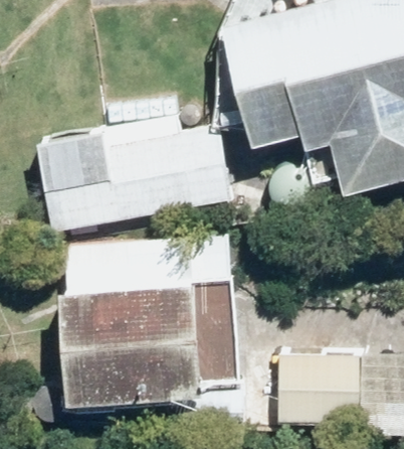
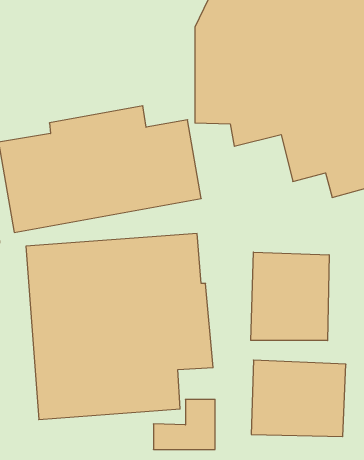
building: none -> [251,252,329,341]

